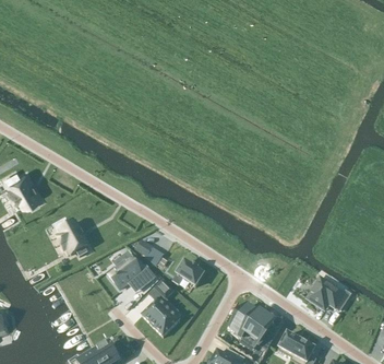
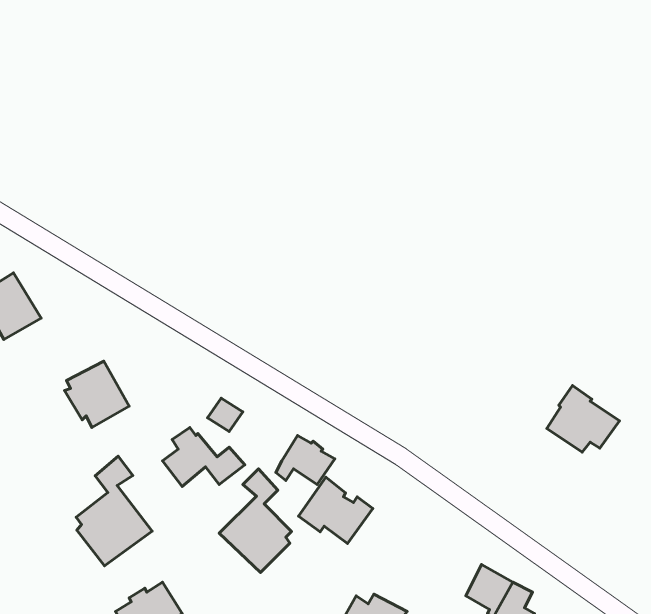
building: none -> [76,456,152,566]
building: [305,274,346,312] -> [547,386,619,452]
building: [232,306,274,343] -> [299,477,373,544]

